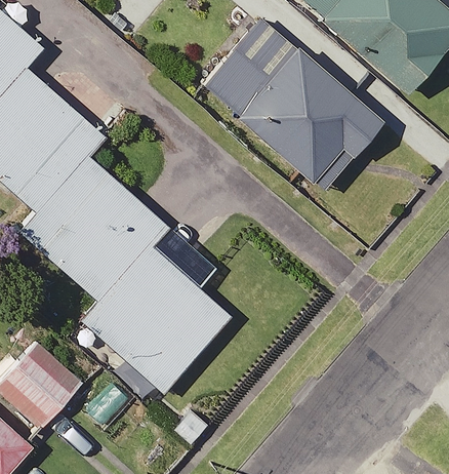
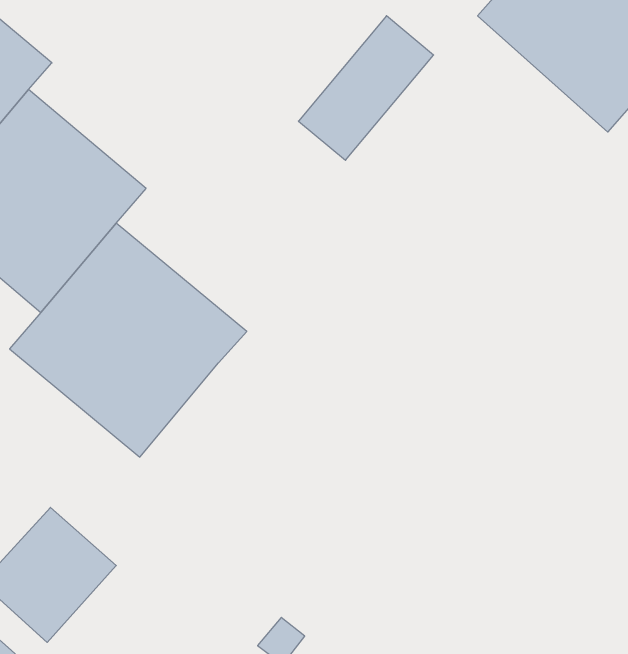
building: [237,46,384,182] -> none
building: [82,244,233,394] -> none

